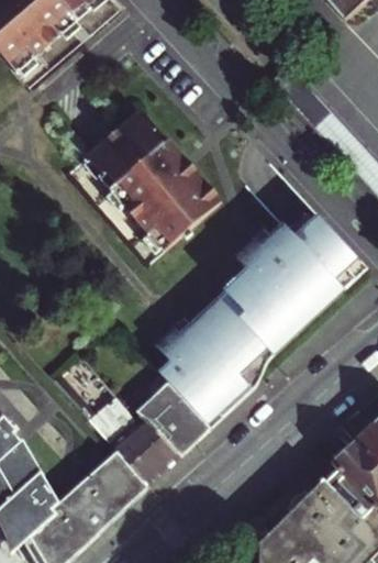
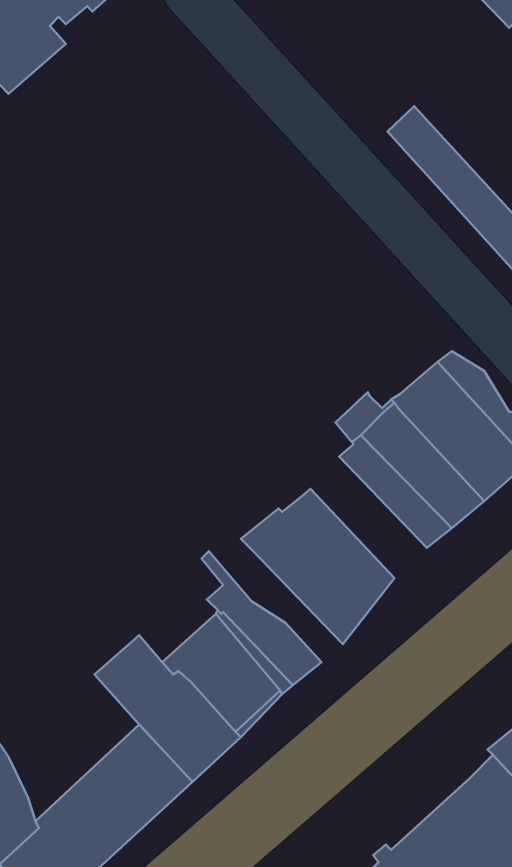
building: [90,110,225,250] -> none
building: [223,282,294,356] -> none
building: [160,329,243,408] -> none

